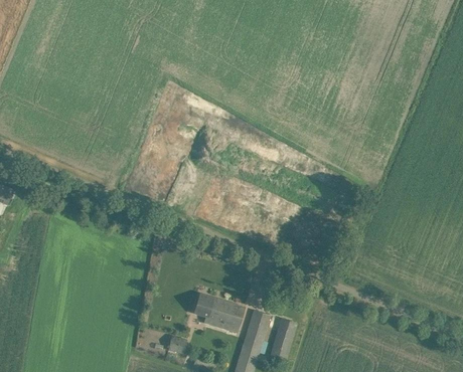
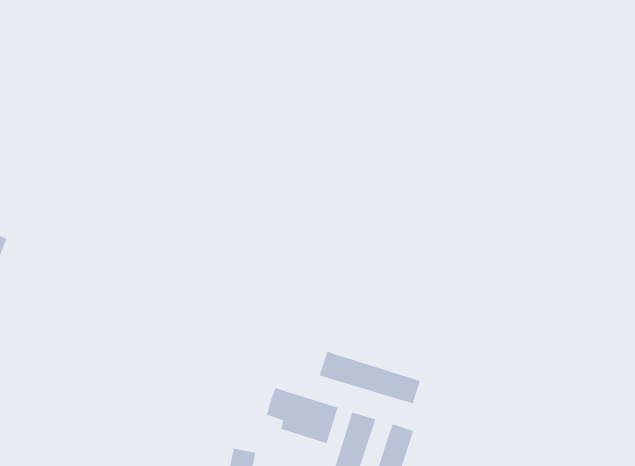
building: none -> [319,351,421,404]

